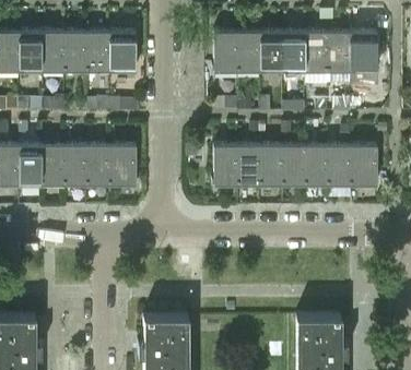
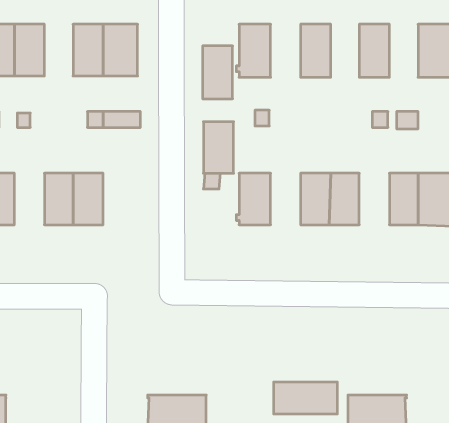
building: [66,32,87,71] -> none
building: [238,32,261,72] -> [203,46,233,99]
building: [284,32,306,72] -> none
building: [329,32,351,72] -> none
building: [43,145,66,184] -> none
building: [110,145,137,184] -> none
building: [238,145,261,184] -> [203,122,234,173]
building: [306,145,329,184] -> none
building: none -> [274,382,337,414]

